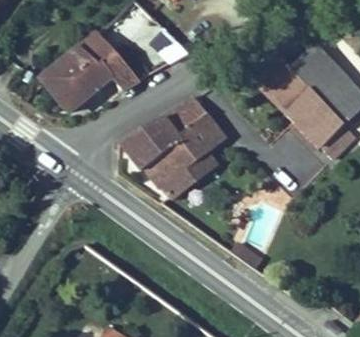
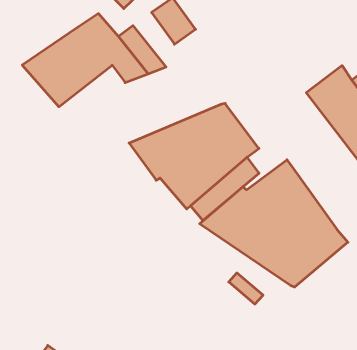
building: none -> [200,160,348,287]

